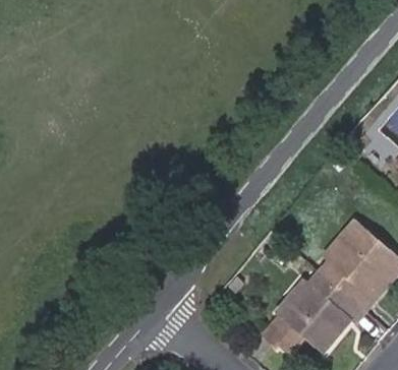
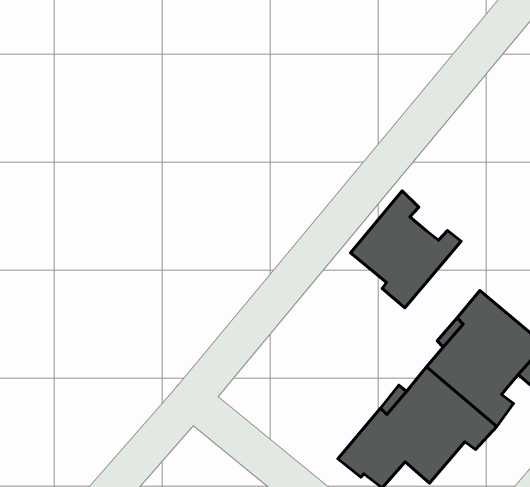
building: none -> [350,191,461,308]

